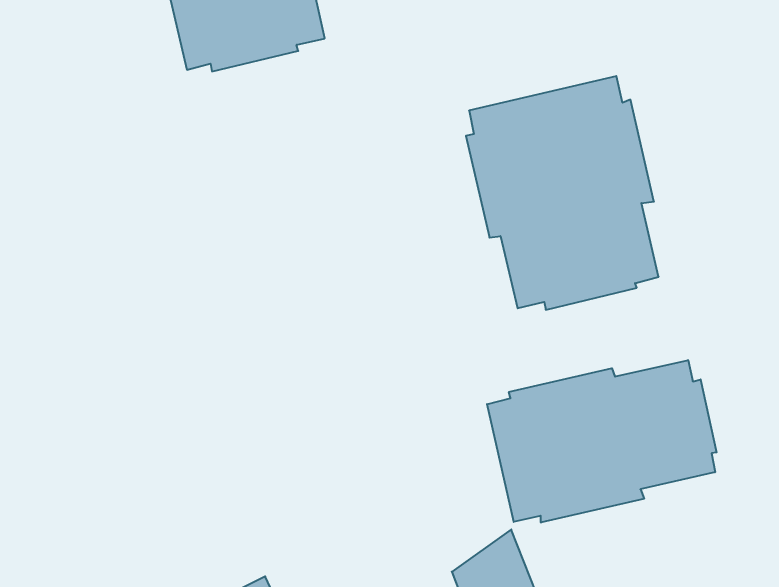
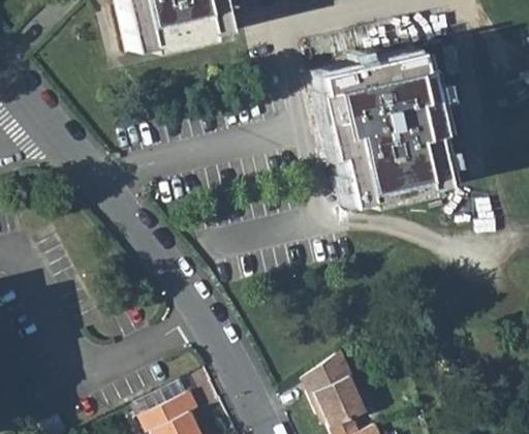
building: [487,360,717,523] -> none

